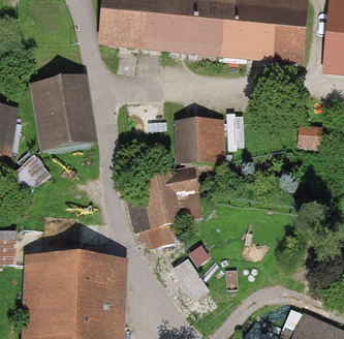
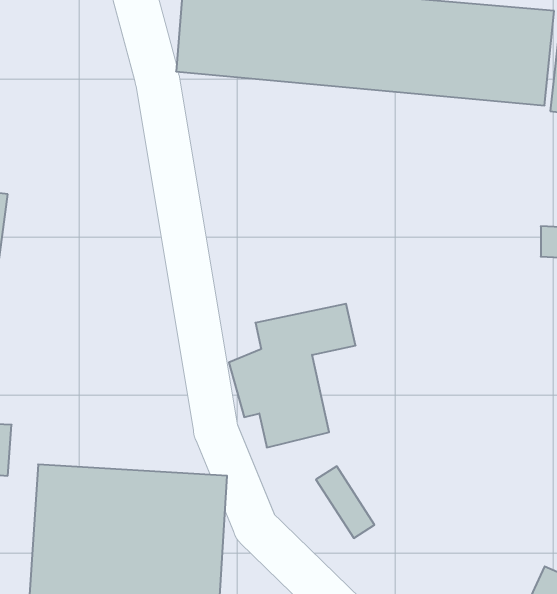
building: [37,76,90,147] -> none
building: [184,121,222,160] -> none

